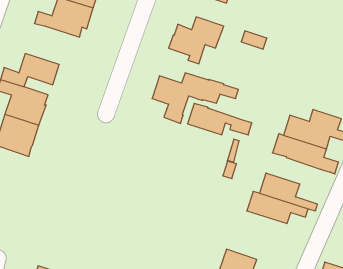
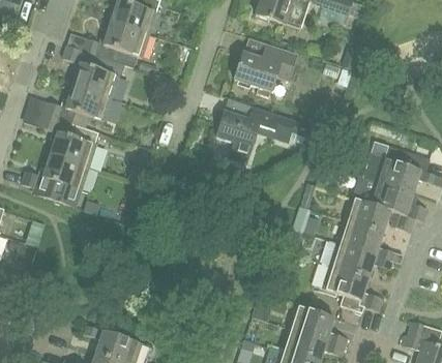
building: none -> [62,44,118,97]
building: [188,104,252,135] -> [344,196,416,232]
building: none -> [321,262,382,311]

